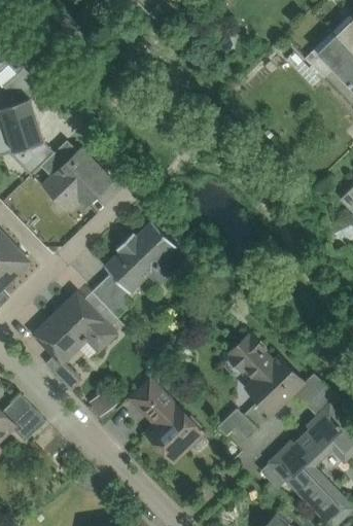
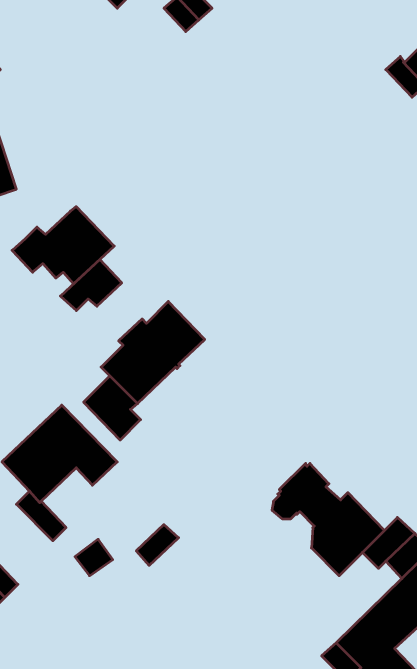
building: [39,141,82,177] -> [60,260,122,311]
building: [144,395,203,461] -> none
building: [217,409,256,440] -> none

